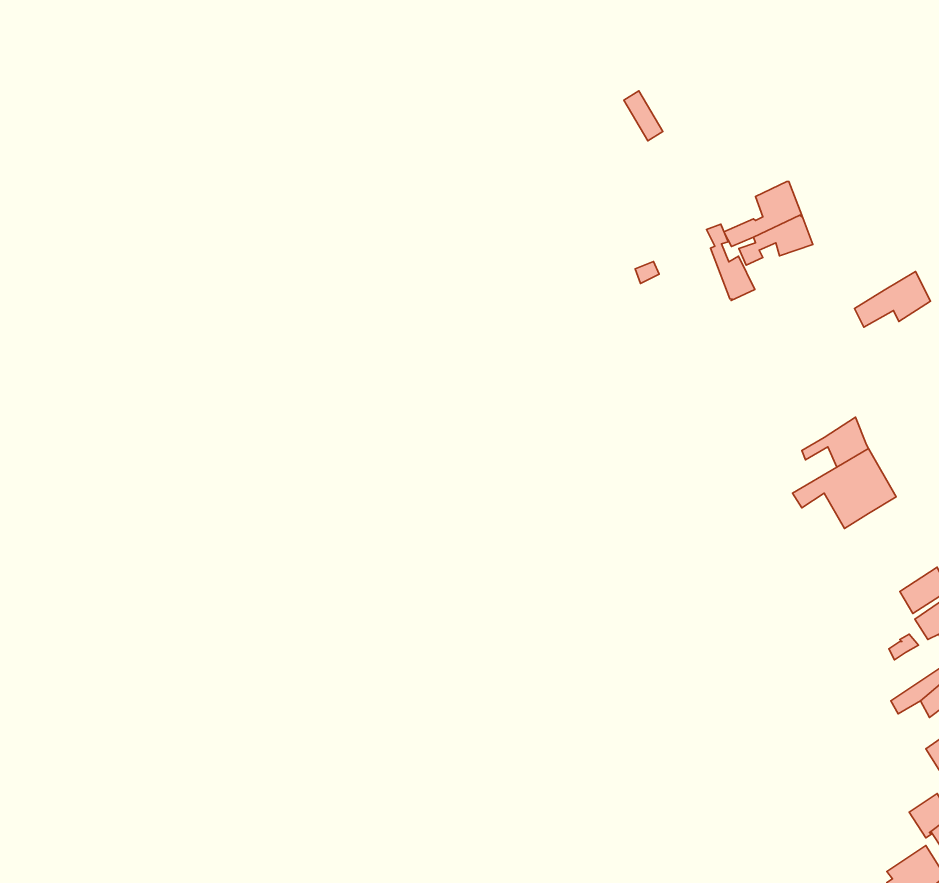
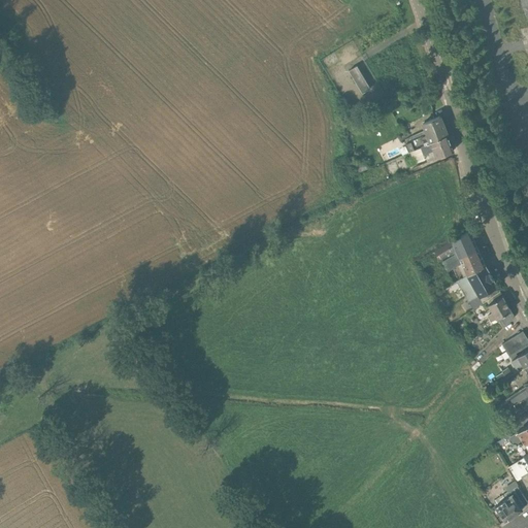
building: [707,224,755,300] -> none
building: [854,271,930,327] -> [436,232,478,263]
building: none -> [486,293,515,329]

